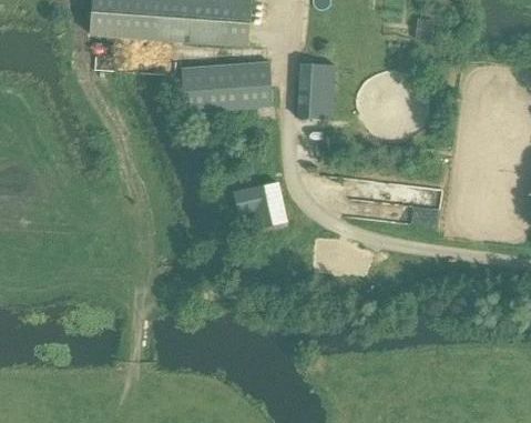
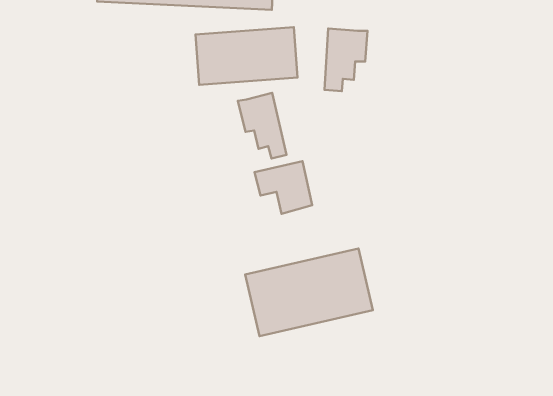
building: none -> [238,93,286,159]
building: none -> [245,248,373,336]

